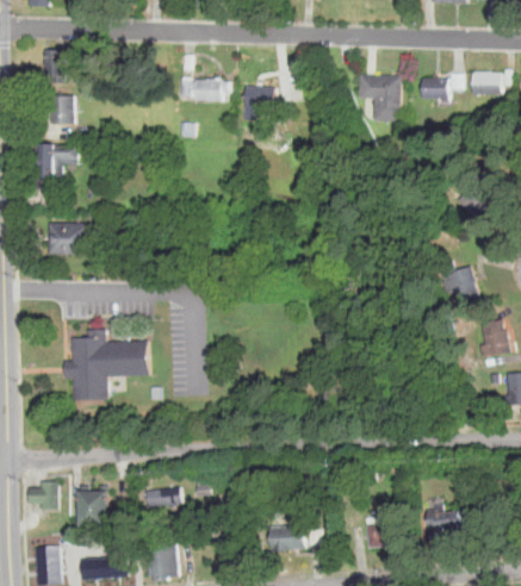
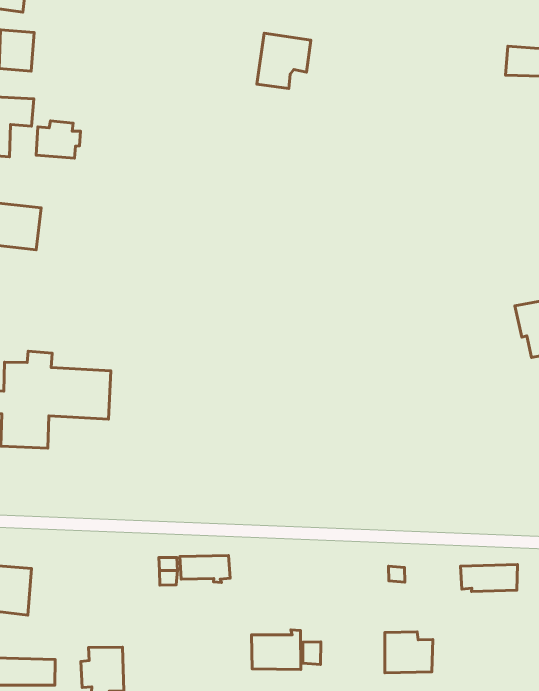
building: [361,75,399,123] -> none
building: [180,79,229,101] -> none
building: none -> [36,121,80,158]
building: [144,485,182,505] -> [180,556,230,582]
building: [427,506,470,529] -> [461,564,517,591]

